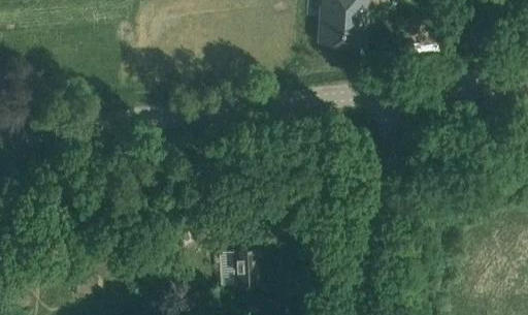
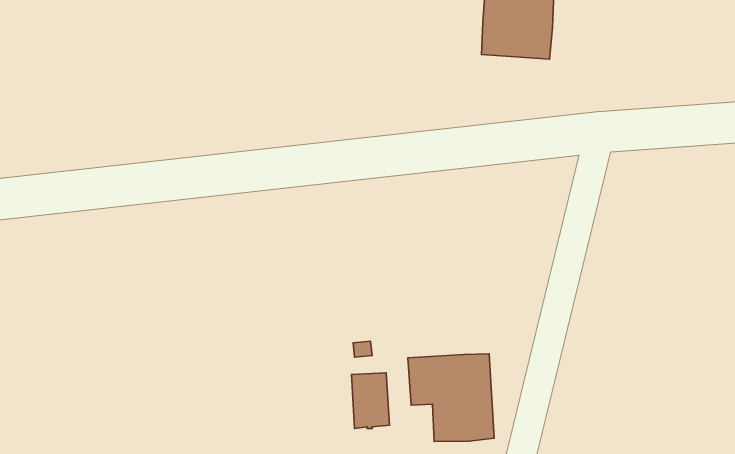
building: none -> [408,354,494,441]

